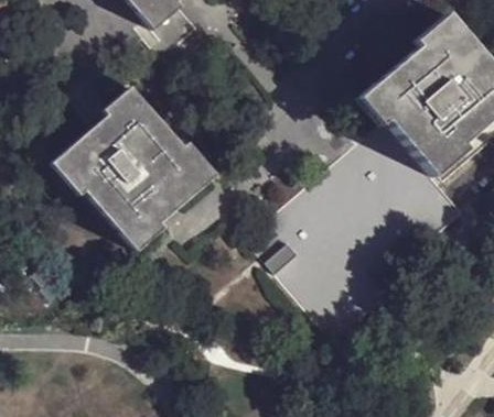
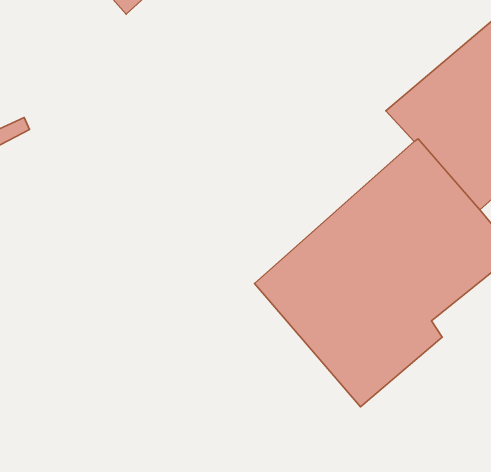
building: [54,88,208,242] -> none

